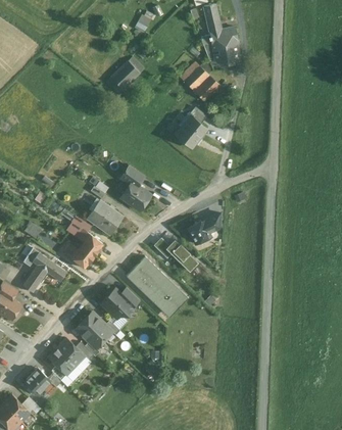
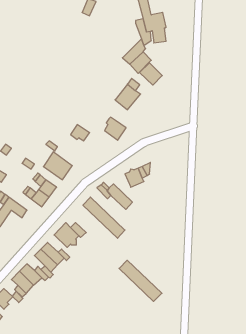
building: [107,56,142,91] -> none
building: none -> [139,63,162,85]
building: [124,182,150,210] -> [105,117,126,140]
building: [126,266,179,317] -> [119,260,162,301]

